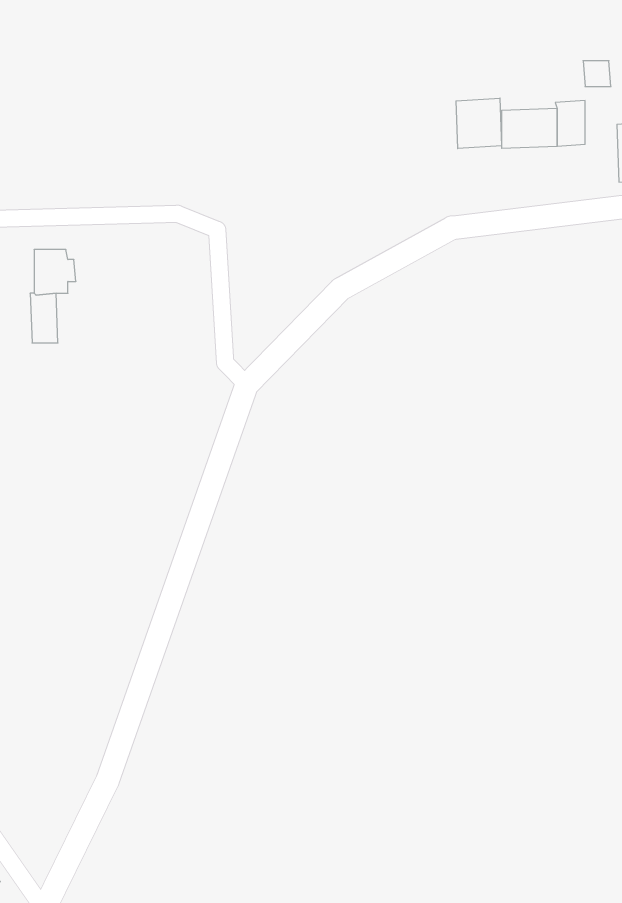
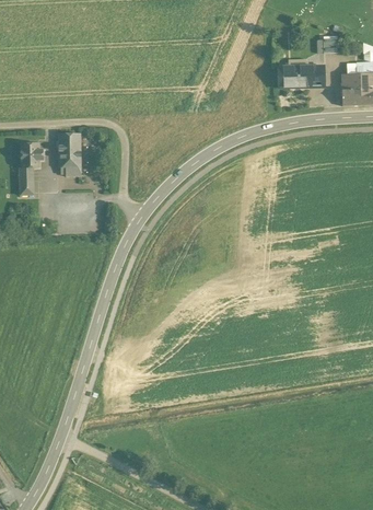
building: [456,98,502,149] -> none
building: none -> [57,132,80,175]

